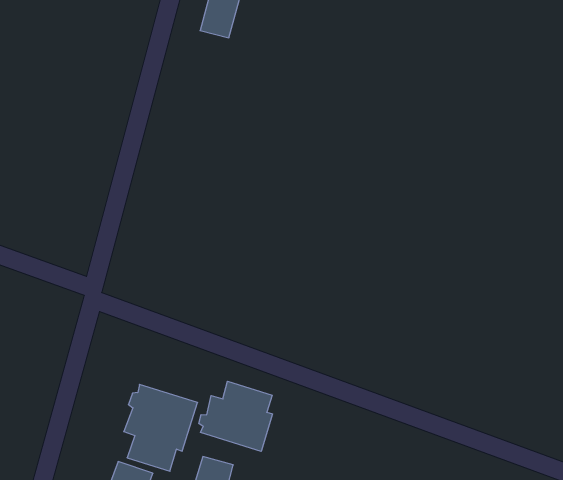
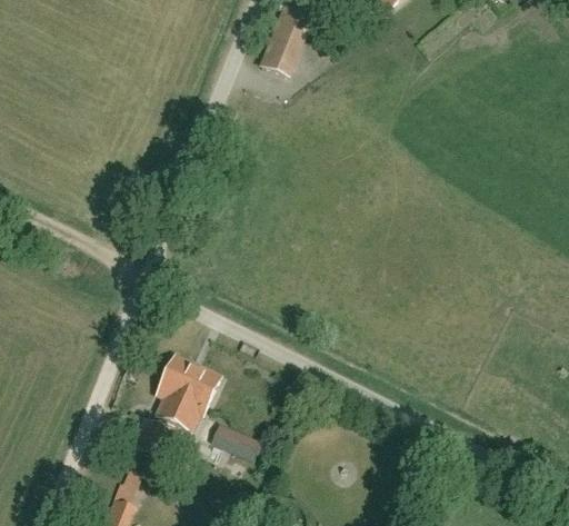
building: [199,381,273,451] -> none

